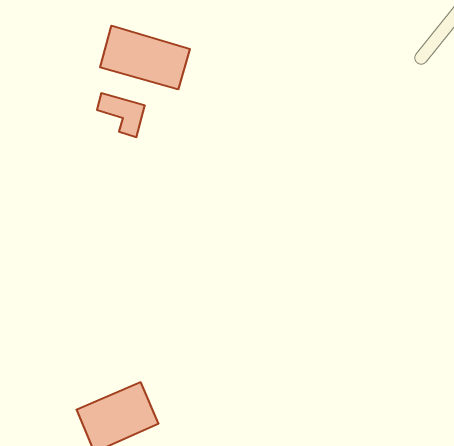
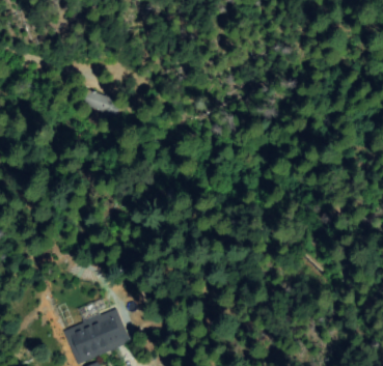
building: [100,26,190,89] -> none

